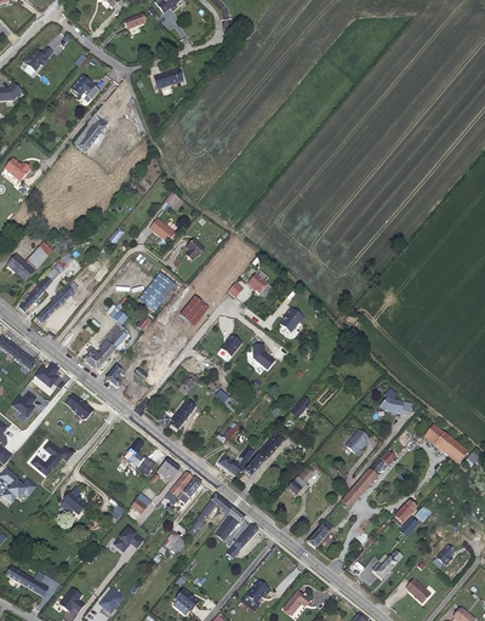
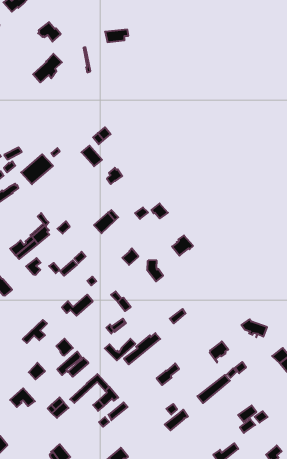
building: [138,273,176,312] -> [21,154,53,184]

